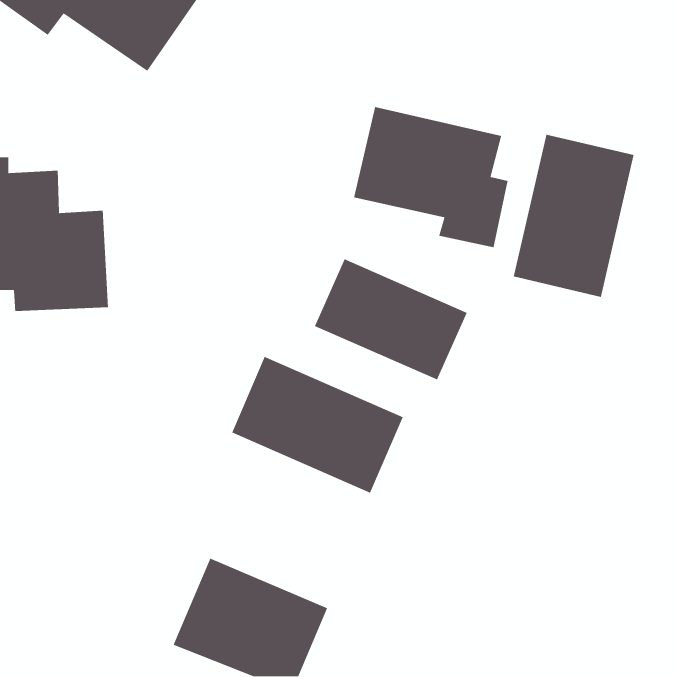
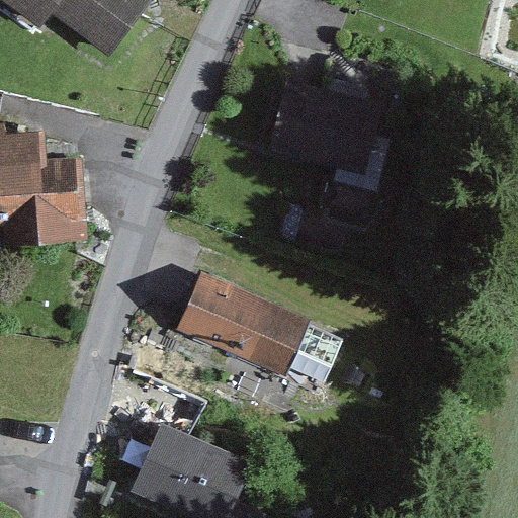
building: [513,134,634,298] -> none
building: [314,258,468,381] -> none

